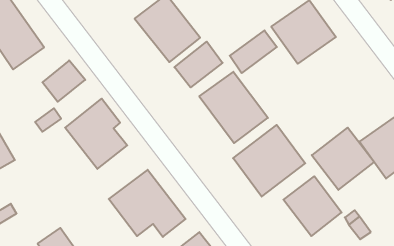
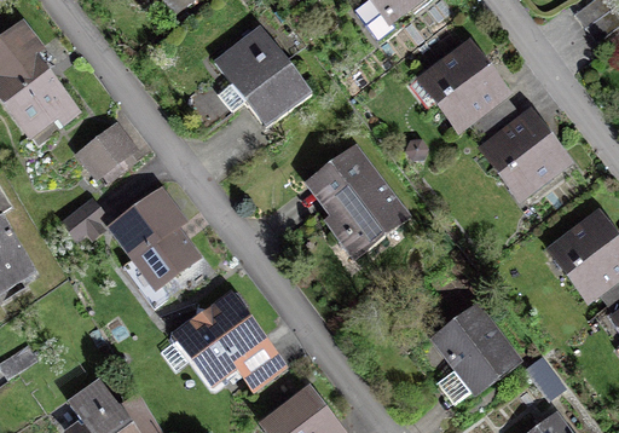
building: [230,30,277,73] -> none
building: [174,42,223,87] -> none
building: [233,125,305,197] -> none
building: [312,128,374,190] -> [480,109,573,202]

